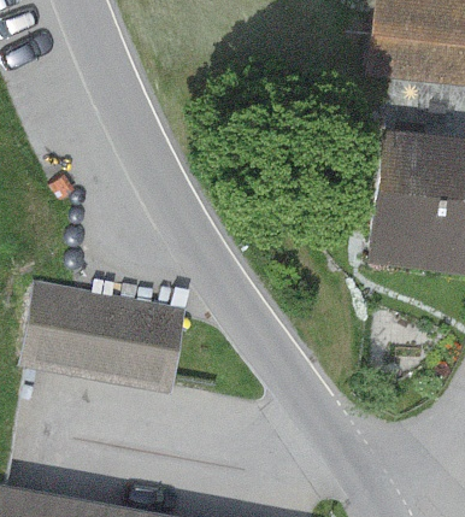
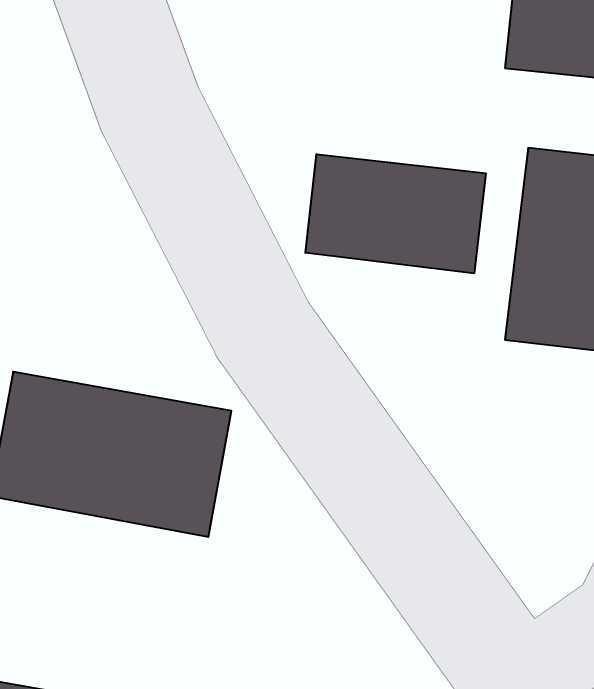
building: none -> [305,154,486,273]

